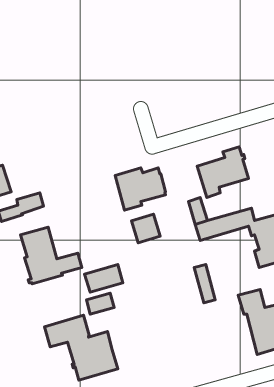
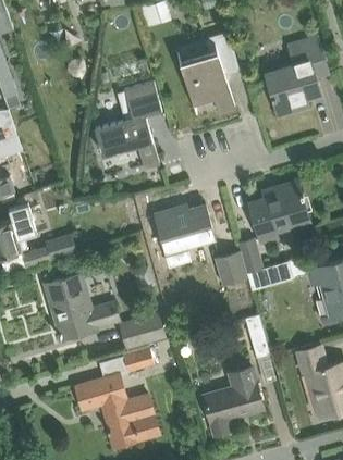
building: none -> [181,34,238,114]
building: none -> [265,37,324,109]
building: none -> [95,83,161,171]
building: [132,214,160,243] -> [215,252,247,285]
building: none -> [204,363,262,435]

